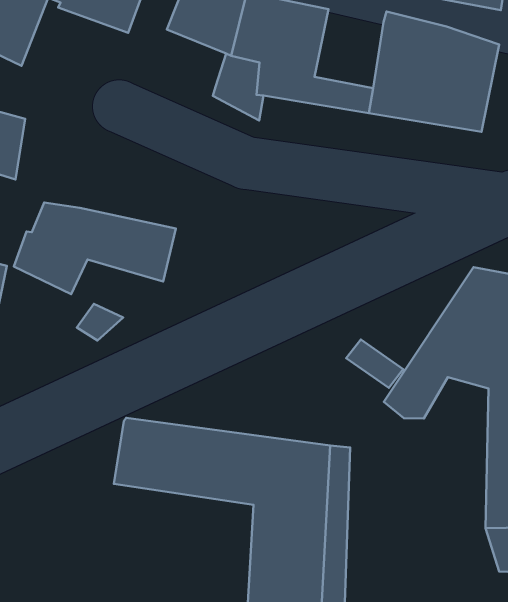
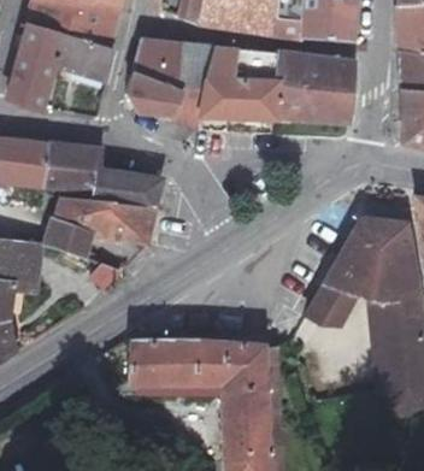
building: none -> [232,52,275,101]
building: none -> [126,76,172,111]
building: none -> [41,145,161,207]

